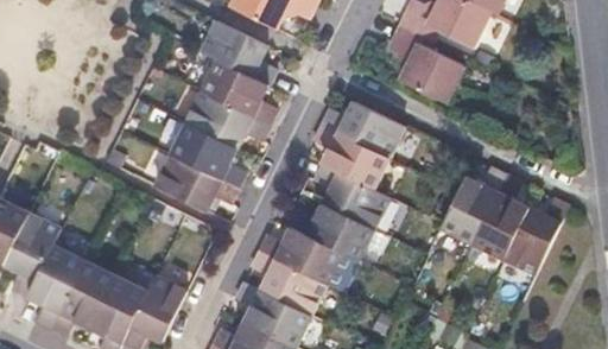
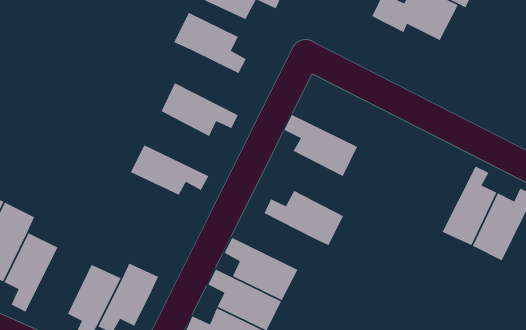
building: [390,26,463,103] -> none
building: [202,61,277,126] -> none
building: [321,103,404,158] -> none
building: [171,122,246,188] -> none
building: [315,163,390,228] -> none
building: [441,169,507,245] -> none
building: [260,226,343,283] -> none
building: [51,260,118,335] -> none

